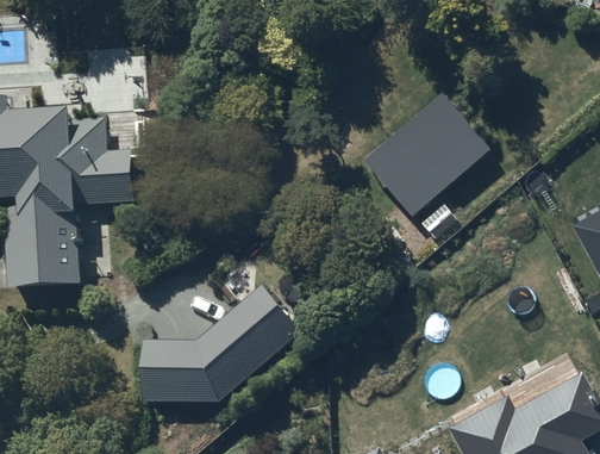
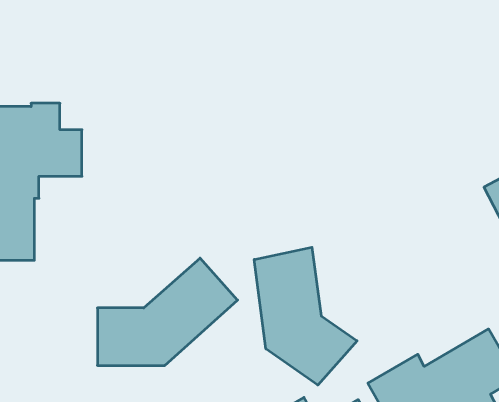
building: [360,89,485,211] -> none
building: none -> [254,247,357,385]

